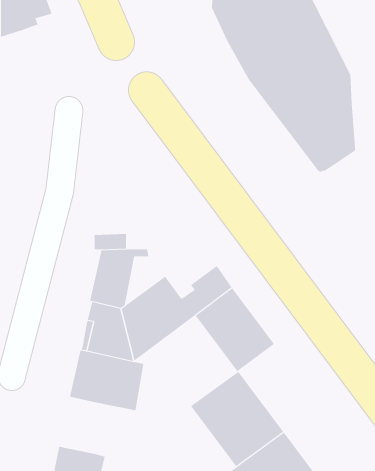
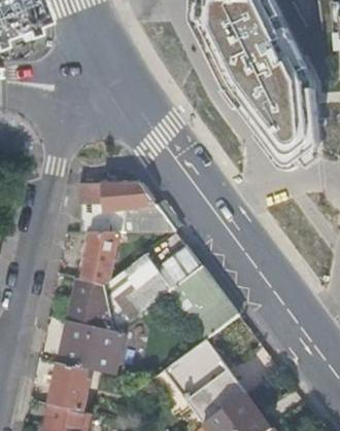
building: none -> [81,180,178,230]
building: none -> [52,360,90,410]

